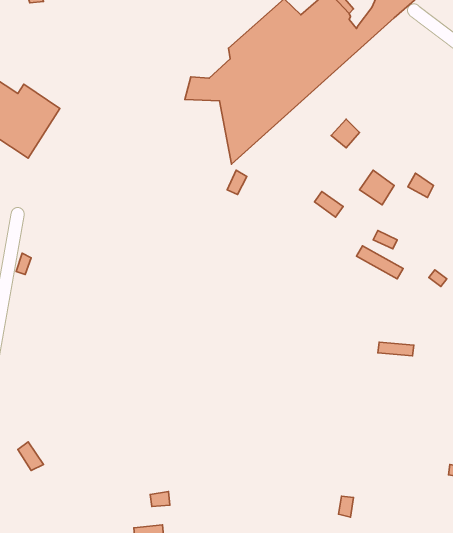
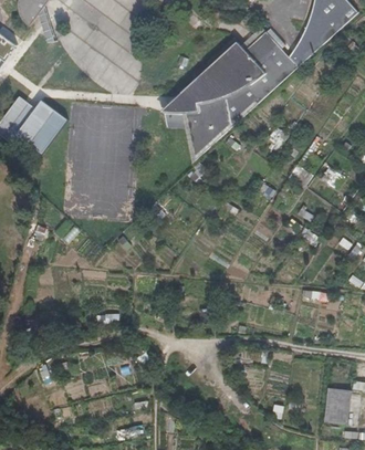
building: none -> [325,386,350,422]

